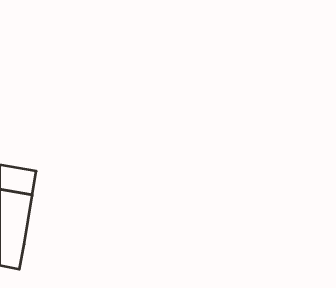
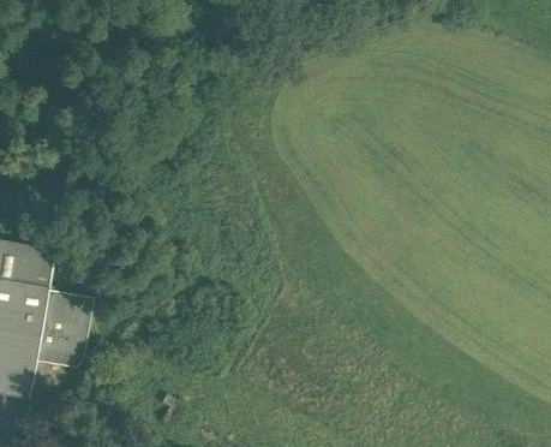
building: none -> [36,291,92,369]

